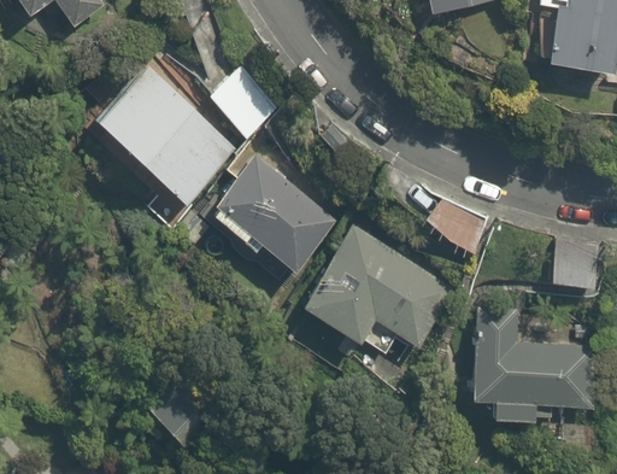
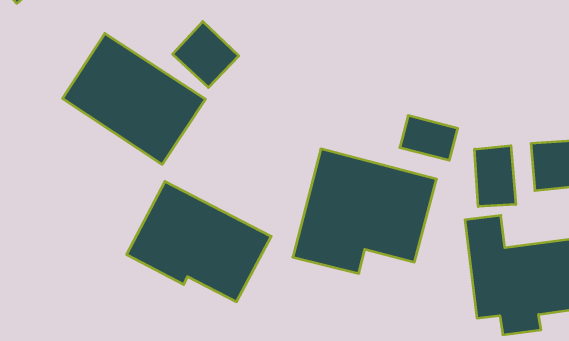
building: [199,144,345,274] -> [127,181,271,302]
building: none -> [475,146,516,207]

